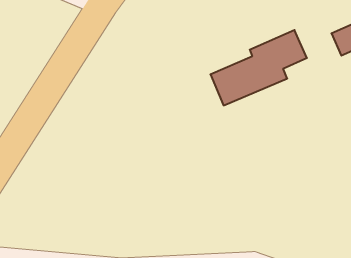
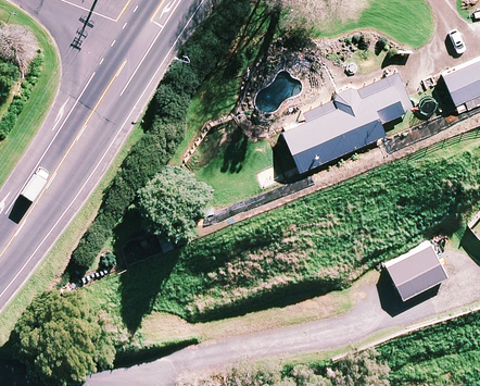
building: none -> [388,247,445,298]

